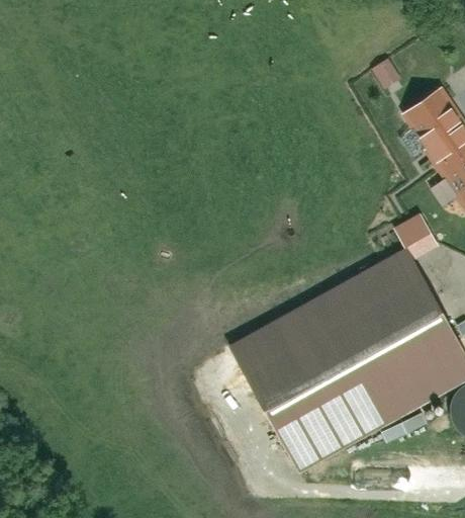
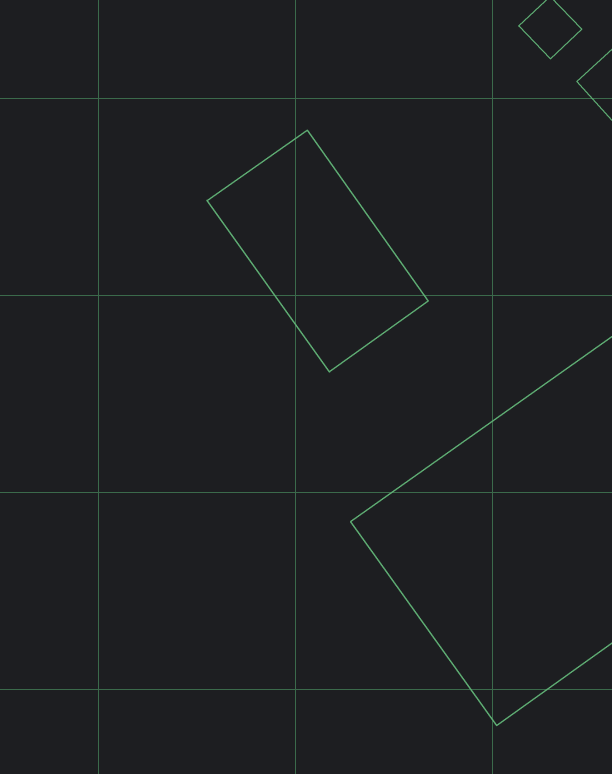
building: none -> [207,130,428,372]

